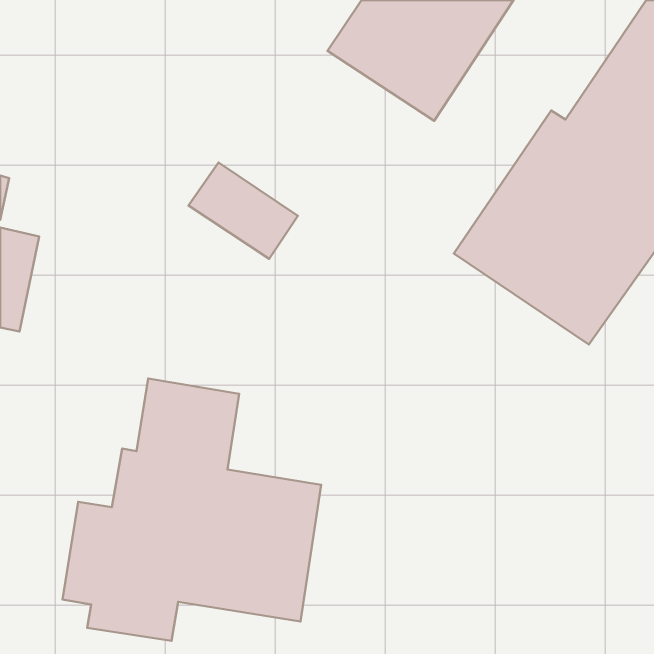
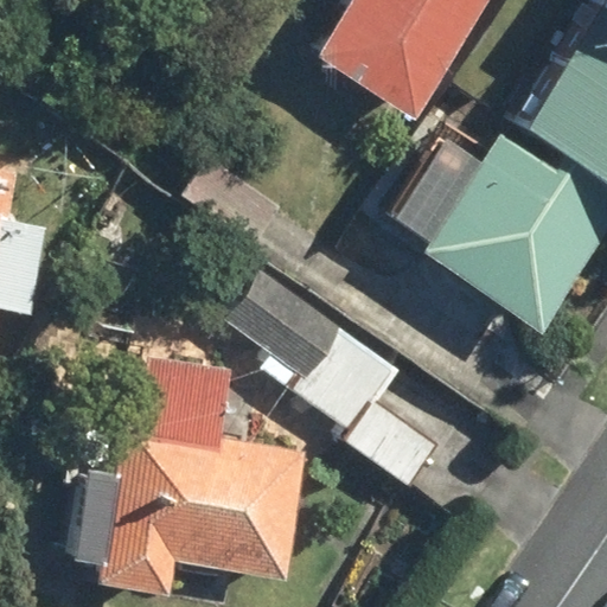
building: none -> [224,269,440,487]

